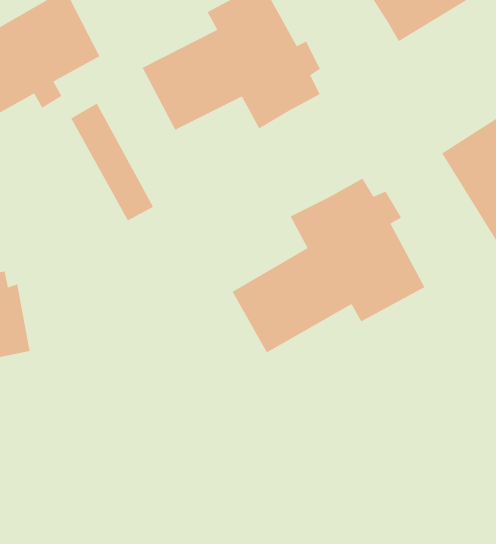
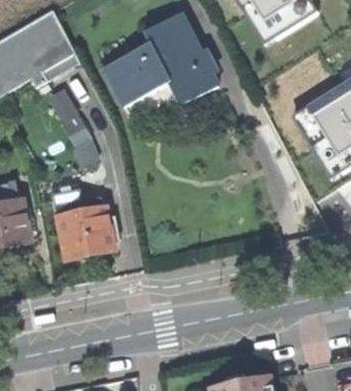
building: [232,178,425,354] -> none
building: none -> [56,193,114,259]

